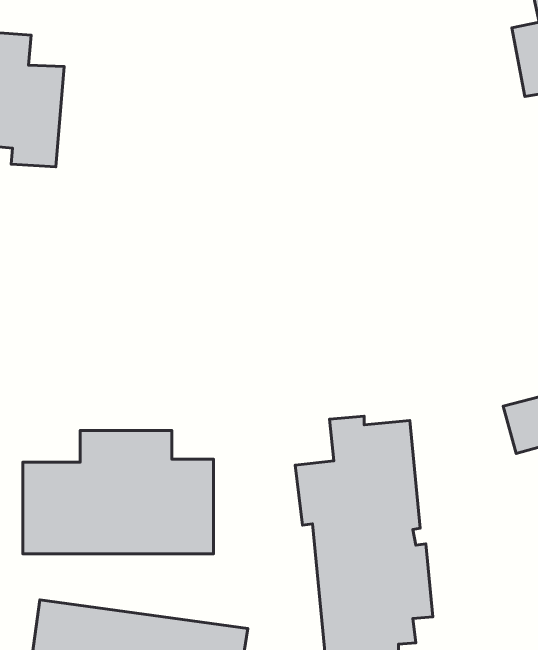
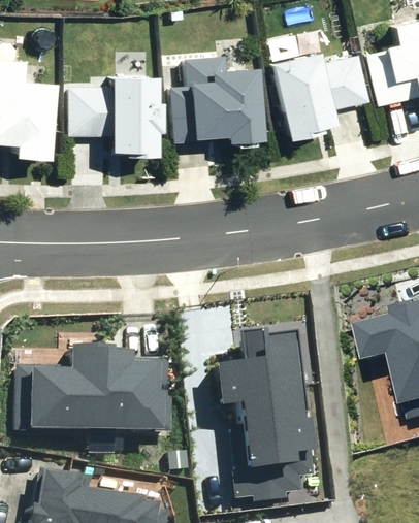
building: none -> [271,51,372,138]
building: none -> [171,58,264,142]
building: none -> [69,74,164,155]

